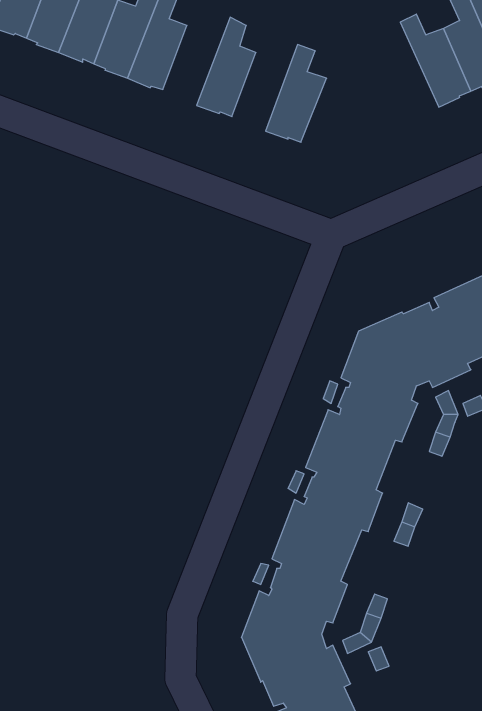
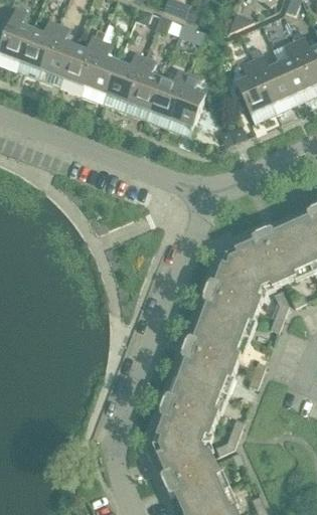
building: none -> [103,49,145,109]
building: none -> [235,56,276,119]
building: none -> [146,66,187,125]

